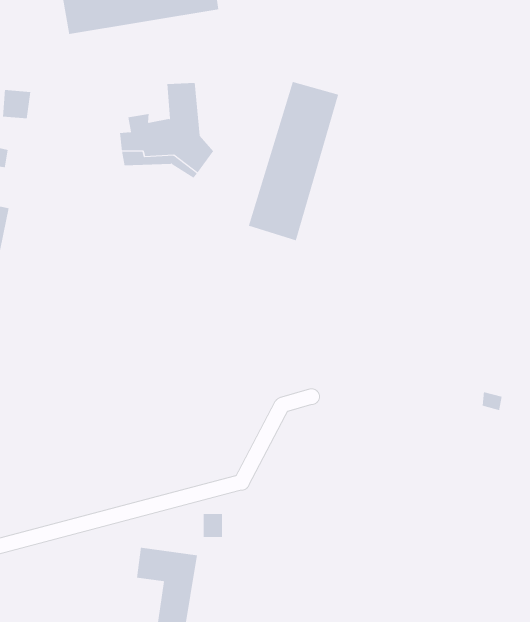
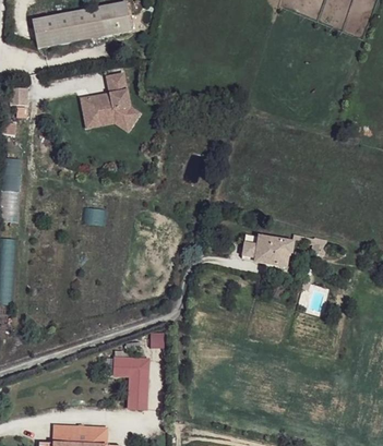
building: [248,81,339,241] -> none
building: none -> [254,239,290,267]

